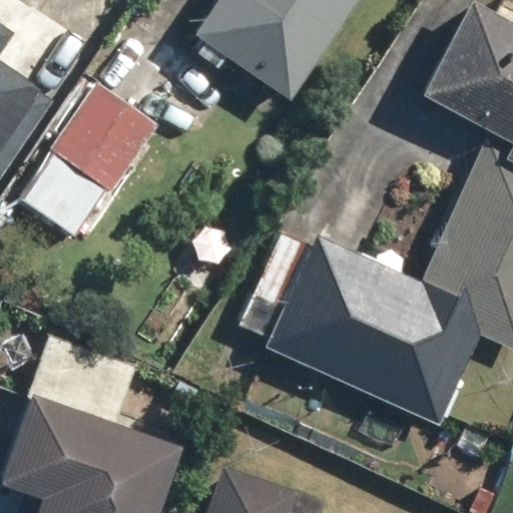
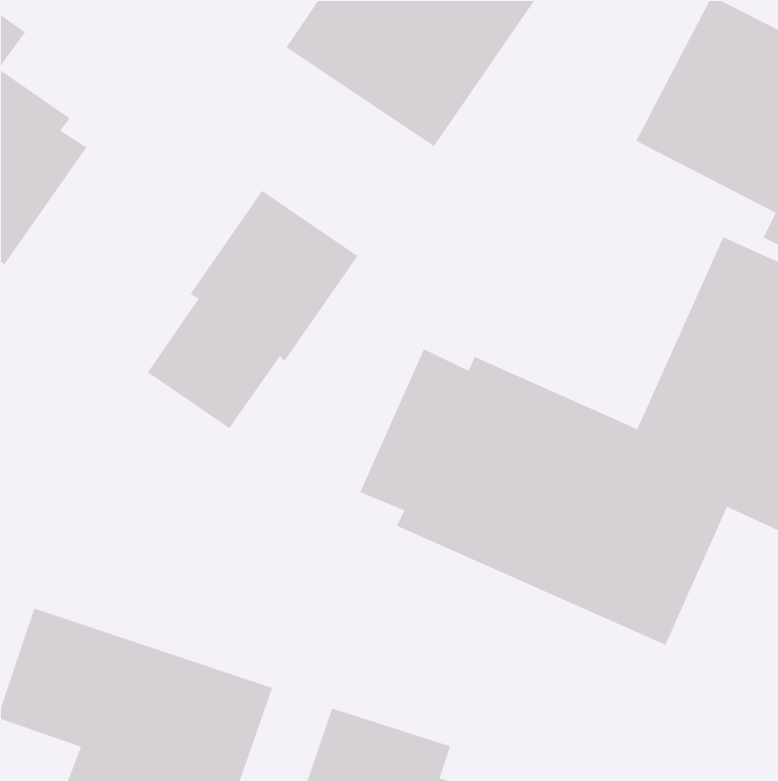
building: [21,79,159,235] -> [147,190,358,429]

